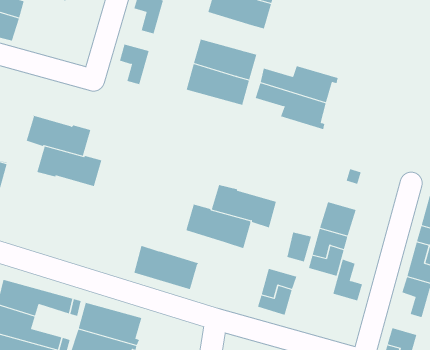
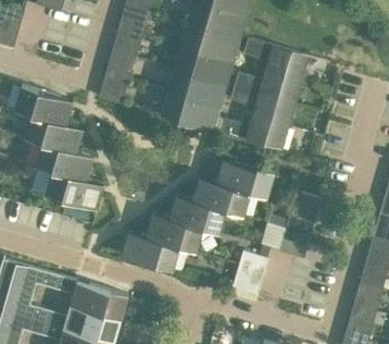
building: none -> [113,20,140,58]
building: none -> [181,23,239,61]
building: none -> [243,39,309,82]
building: none -> [99,66,127,105]
building: none -> [14,86,74,125]
building: none -> [162,93,219,131]
building: none -> [221,116,292,151]
building: none -> [215,159,274,199]
building: none -> [45,170,104,210]
building: none -> [145,213,203,254]
building: [332,259,363,301] -> [353,274,380,312]

